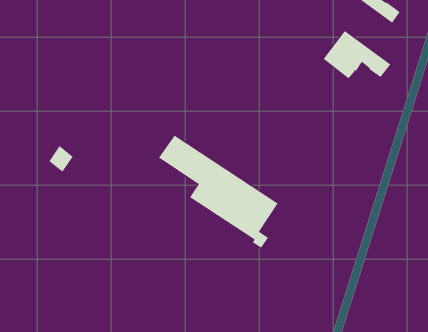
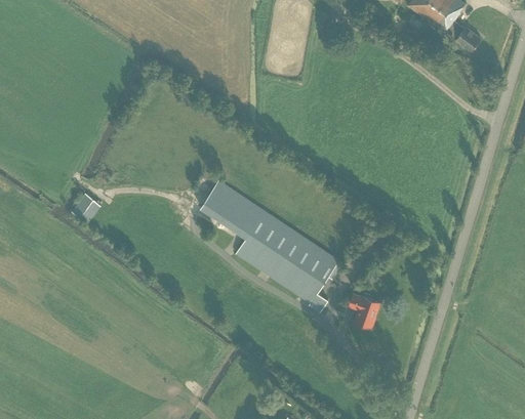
building: [323,30,391,79] -> none
building: none -> [348,292,380,327]

